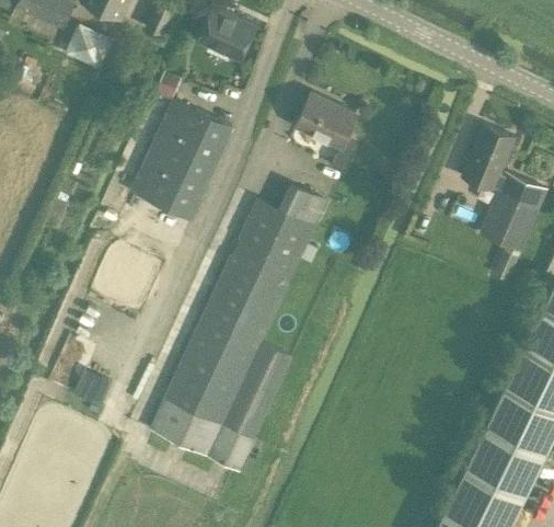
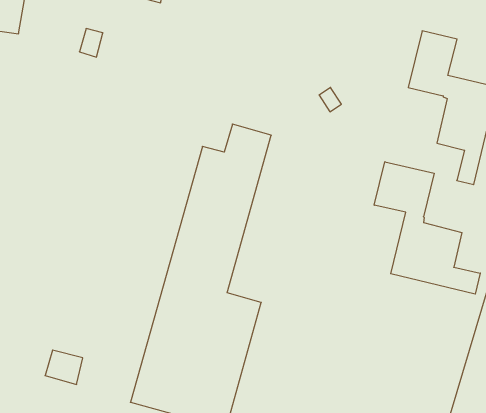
building: [296,93,358,173] -> none
building: [134,101,232,217] -> none
building: none -> [374,162,480,294]

